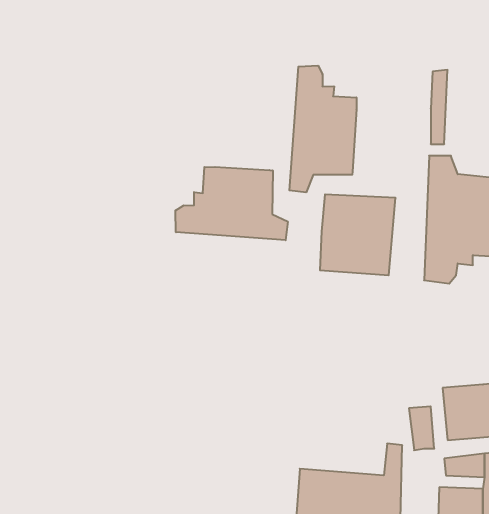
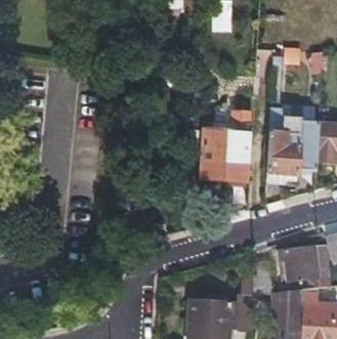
building: [289,66,356,192] -> none
building: [175,167,288,240] -> none

